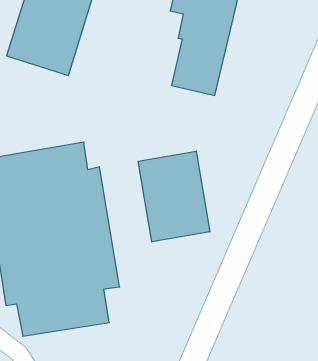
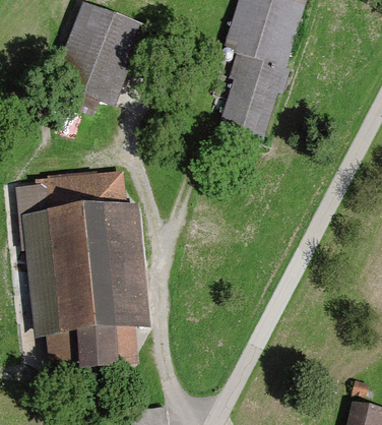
building: [138,151,210,242] -> none

